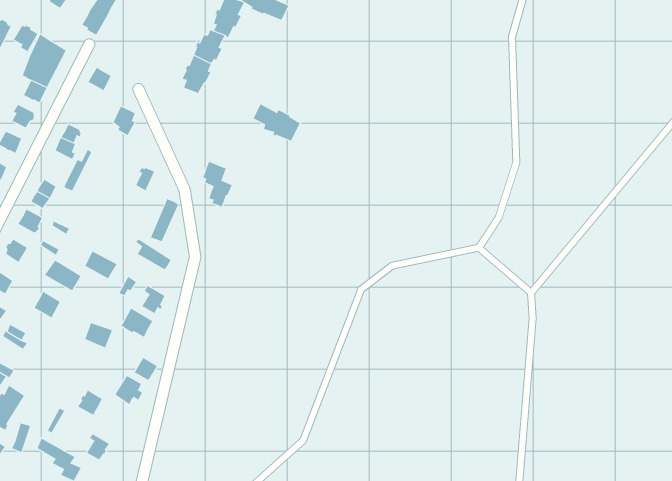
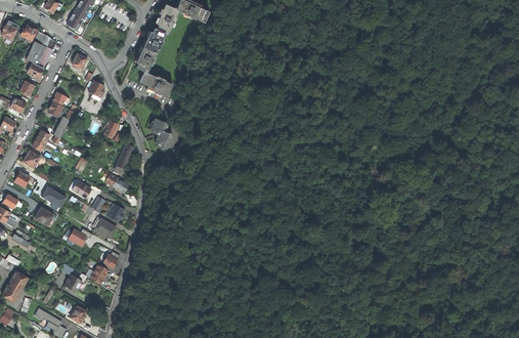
building: [253,104,301,141] -> [139,71,172,96]

